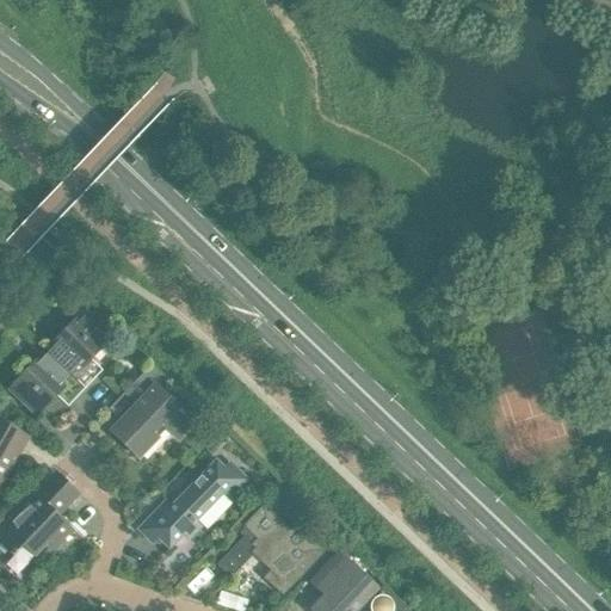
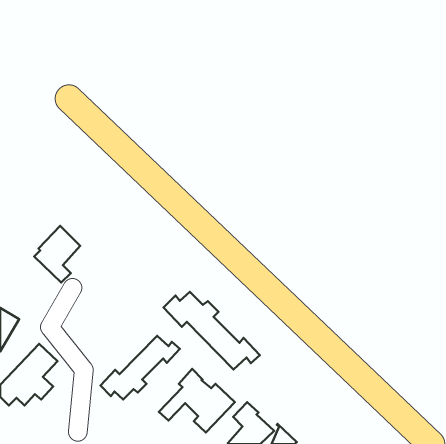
building: [6,351,84,415] -> none
building: [110,362,193,457] -> none
building: none -> [163,292,260,370]

